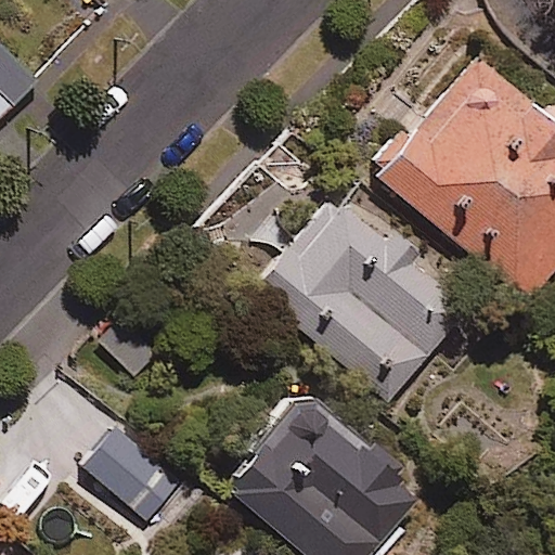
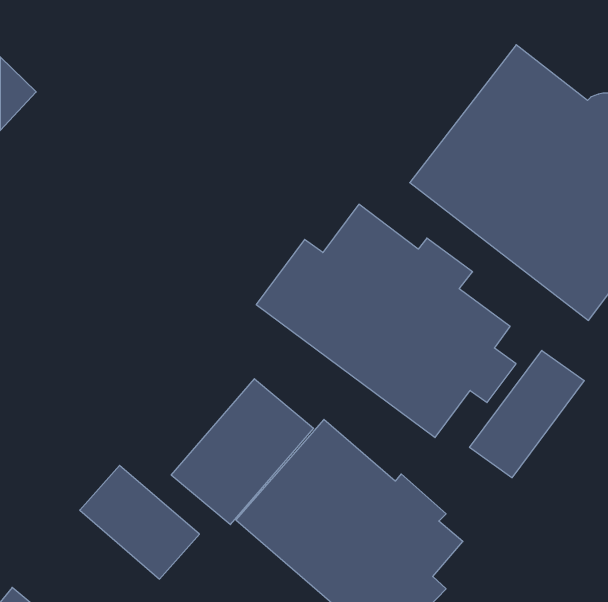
building: none -> [470,350,584,478]
building: none -> [171,379,314,525]

